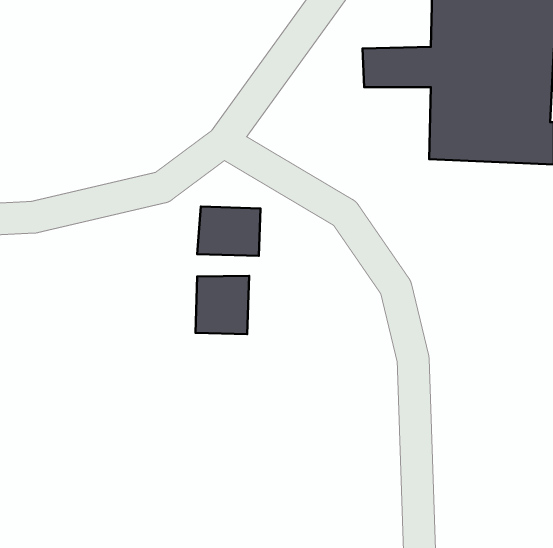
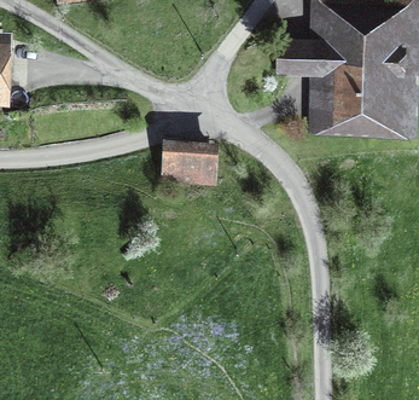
building: [196,276,249,334] -> none

